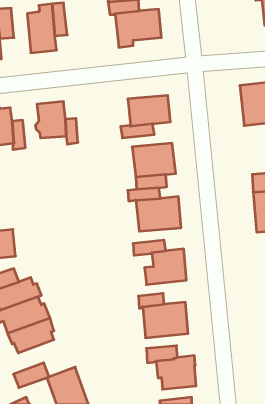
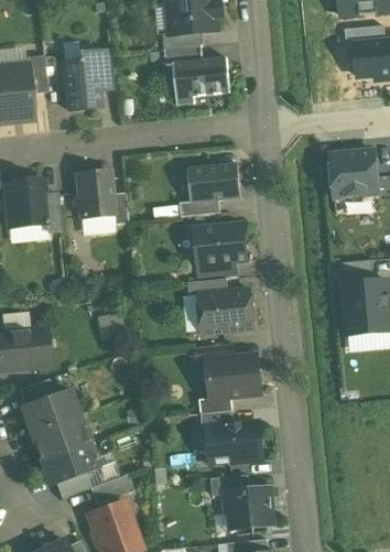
building: [13,363,49,388] -> [89,473,133,504]

